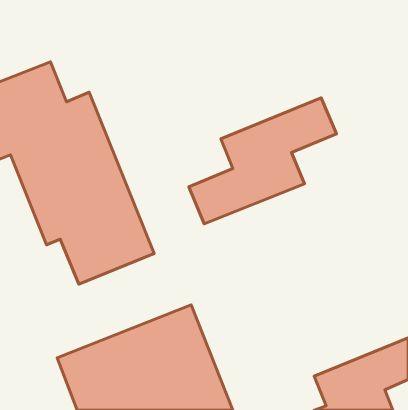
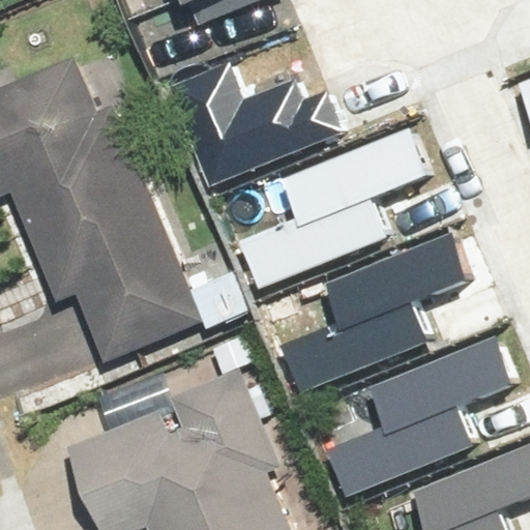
building: none -> [203,68,343,163]
building: none -> [282,222,472,384]
building: none -> [325,336,516,499]

